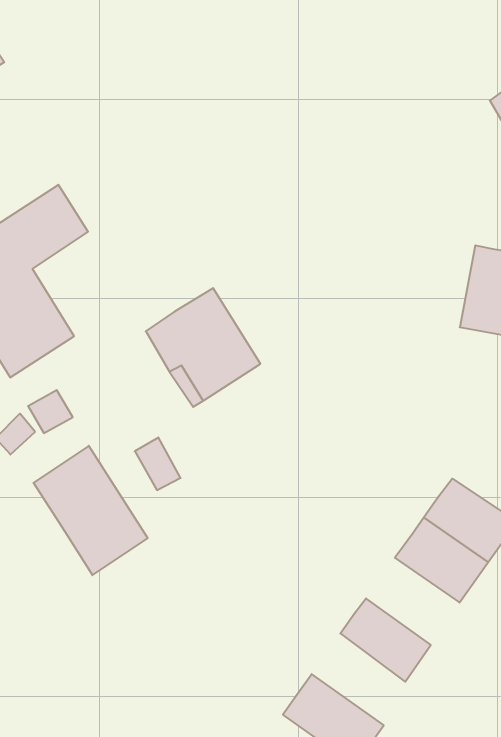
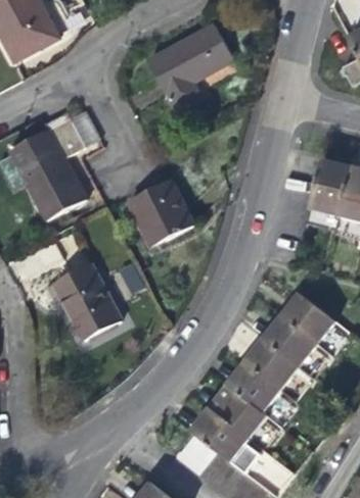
building: none -> [150,23,236,108]
building: none -> [245,341,300,393]
building: none -> [211,383,268,438]

